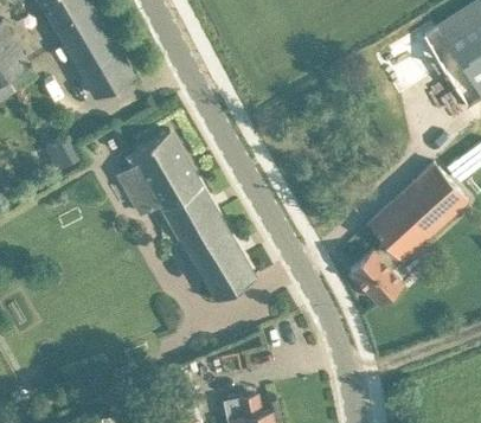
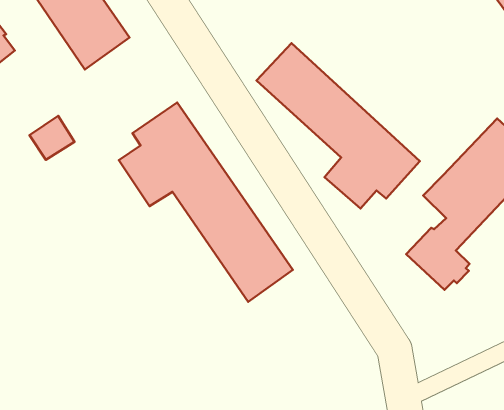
building: none -> [256,43,420,209]

